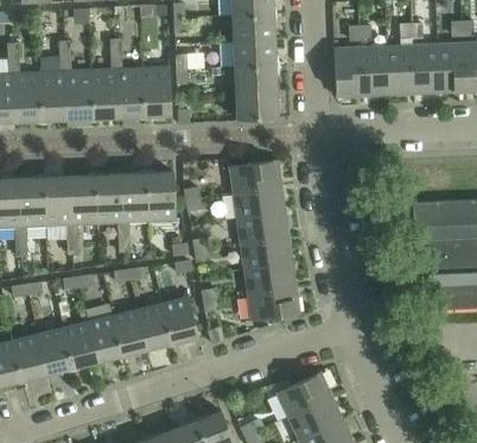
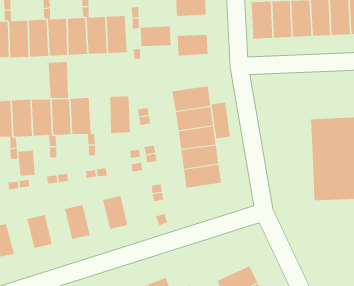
building: [235,64,276,91] -> [140,26,171,46]
building: [121,172,148,221] -> [48,62,69,98]
building: none -> [211,102,230,139]
building: none -> [18,150,35,176]
building: [248,286,300,321] -> none
building: [163,296,198,342] -> none
building: [113,309,147,355] -> none
building: [63,321,97,367] -> none
building: [12,334,47,380] -> none
building: [276,371,332,416] -> none

